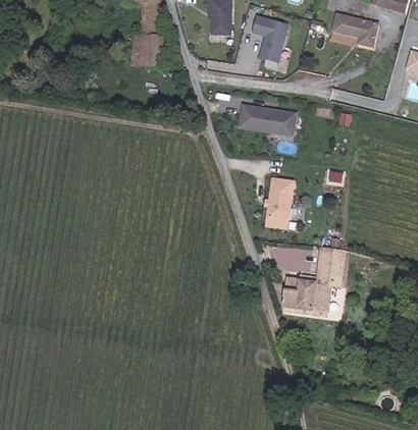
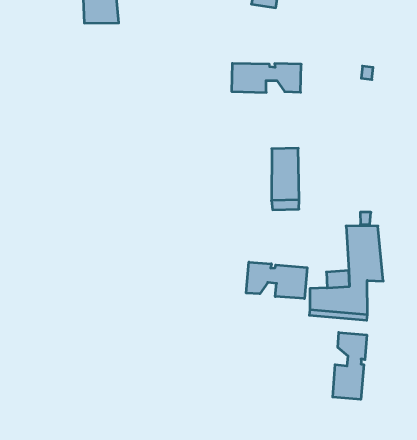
building: none -> [246,262,307,299]
building: none -> [333,332,367,399]

